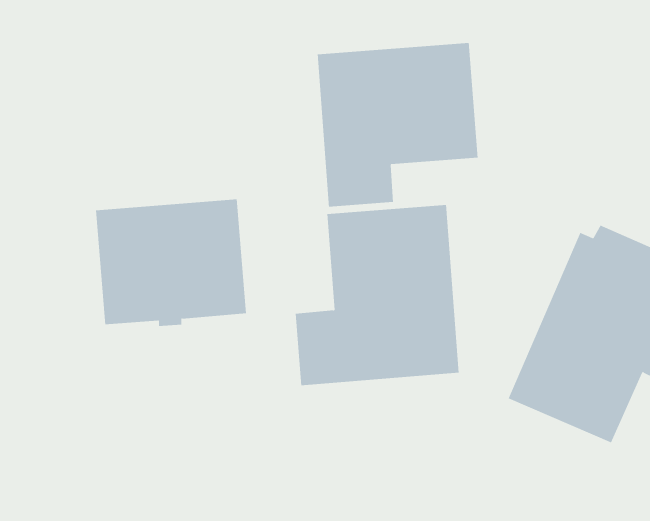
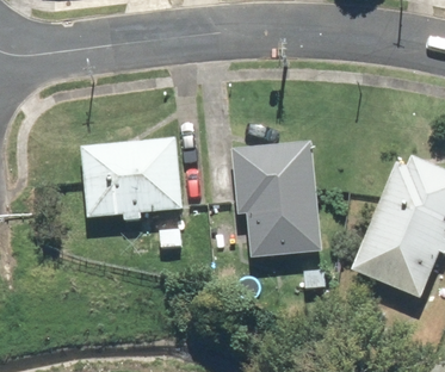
building: [317,42,478,207] -> none

